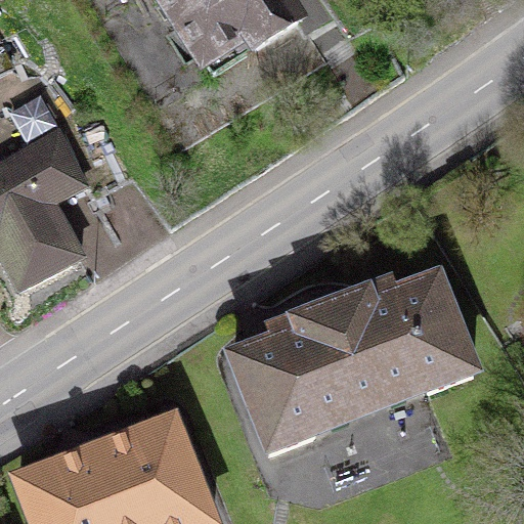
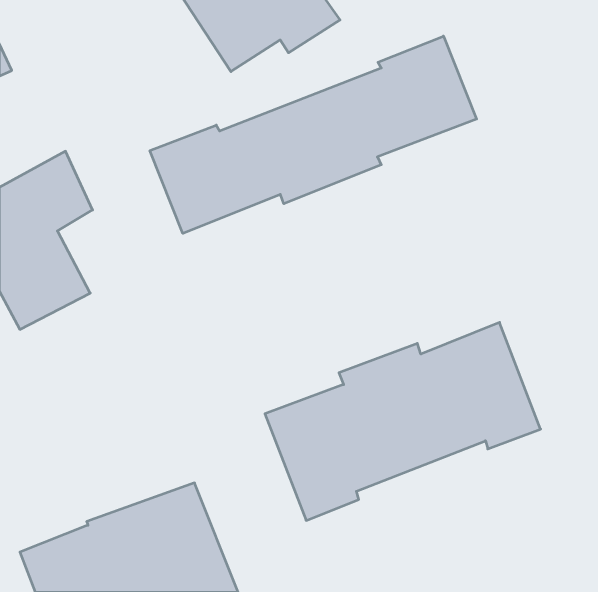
building: none -> [150,36,477,233]

